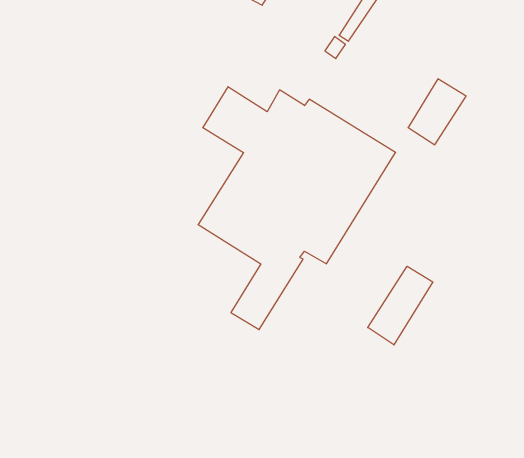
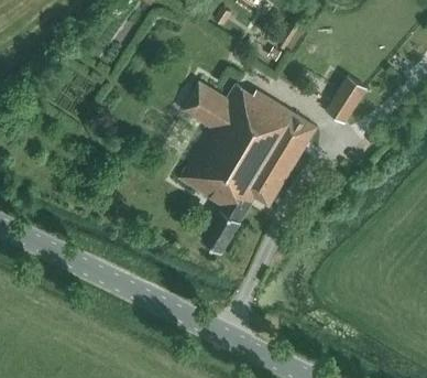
building: [368,266,433,345] -> none

